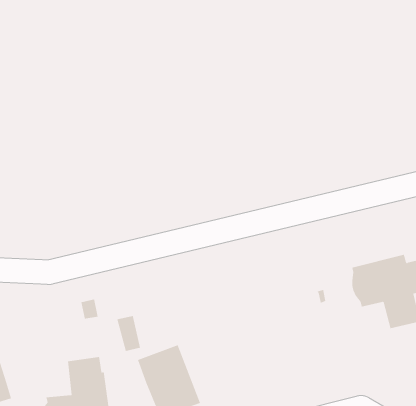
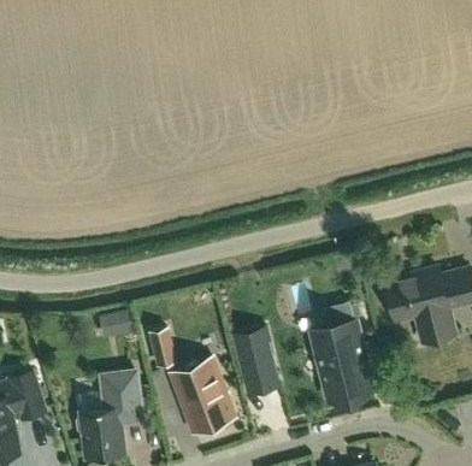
building: none -> [313,322,372,402]
building: none -> [235,329,279,394]

